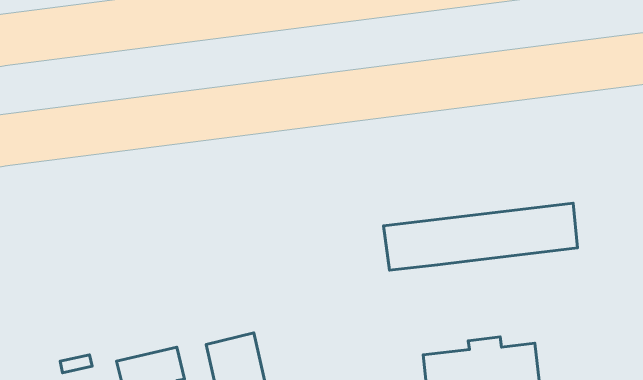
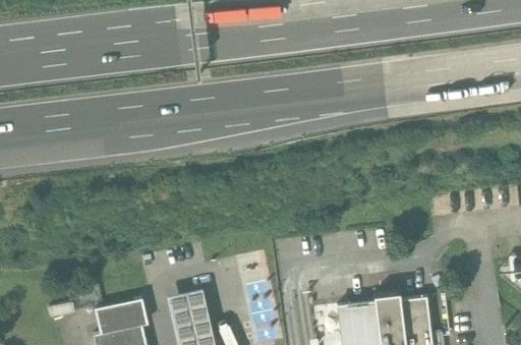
building: [383,203,578,270] -> none

